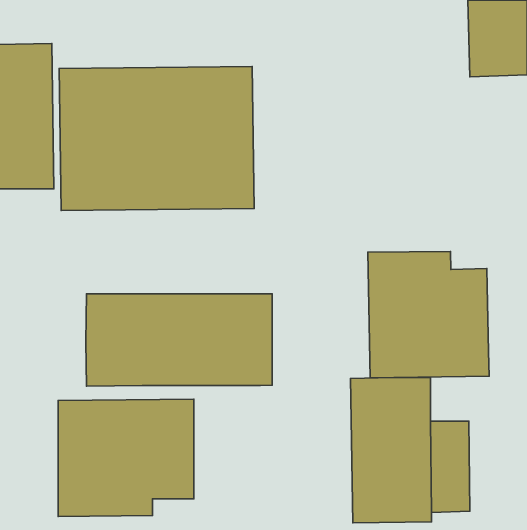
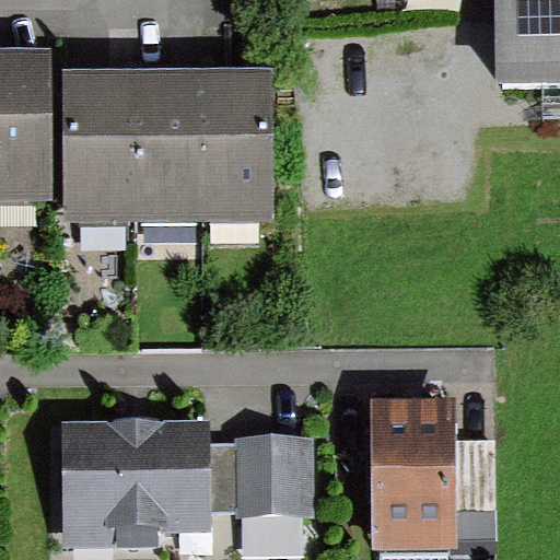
building: [368,251,489,378] -> none
building: [86,294,272,386] -> none
building: none -> [205,434,313,517]

